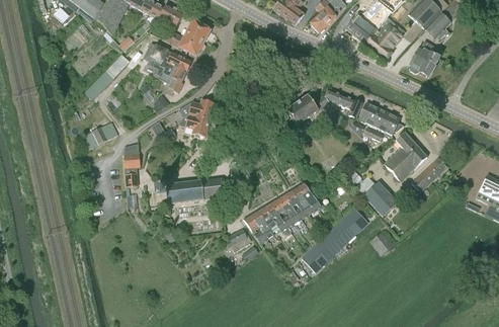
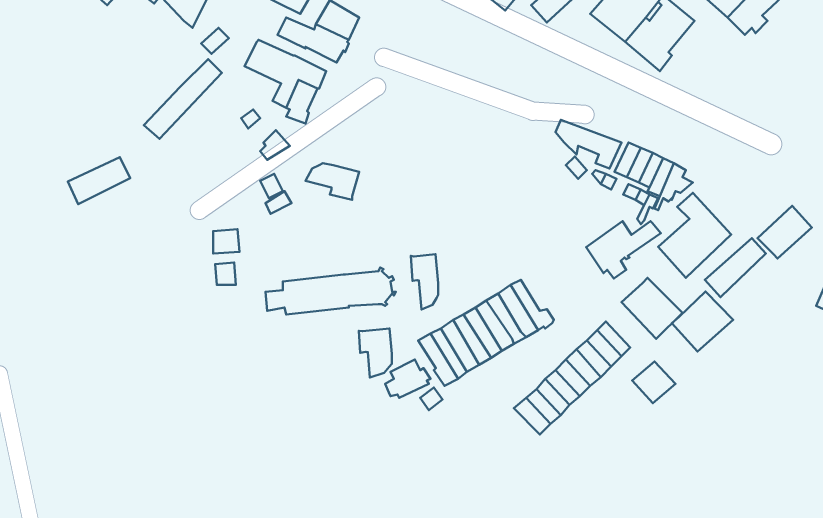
building: [409,42,441,76] -> none
building: [285,95,329,129] -> [586,221,661,278]
building: [181,99,214,119] -> none
building: [81,121,117,149] -> [68,157,130,204]
building: none -> [757,206,812,259]
building: none -> [411,254,438,310]
building: none -> [672,292,733,352]
building: none -> [359,328,392,378]

